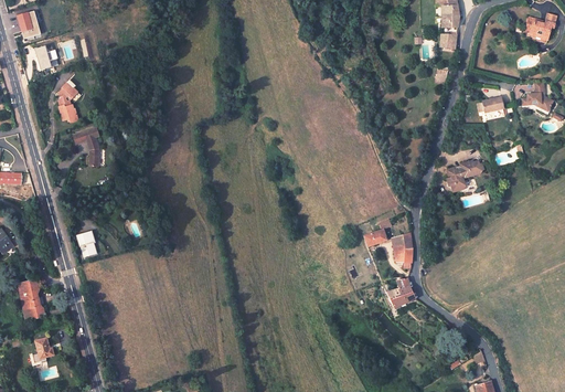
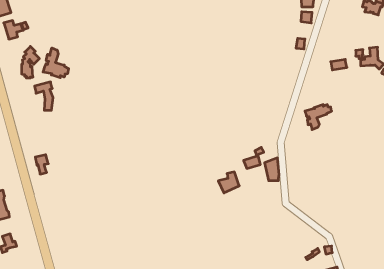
building: none -> [43,48,69,78]
building: [384,280,413,309] -> [218,172,239,193]

